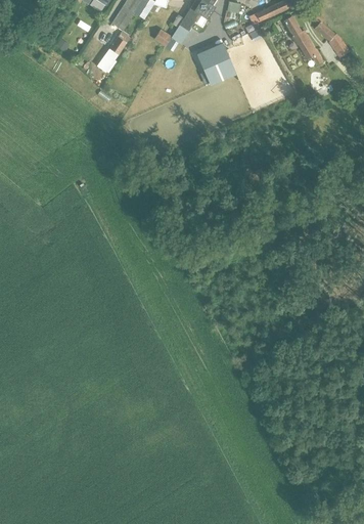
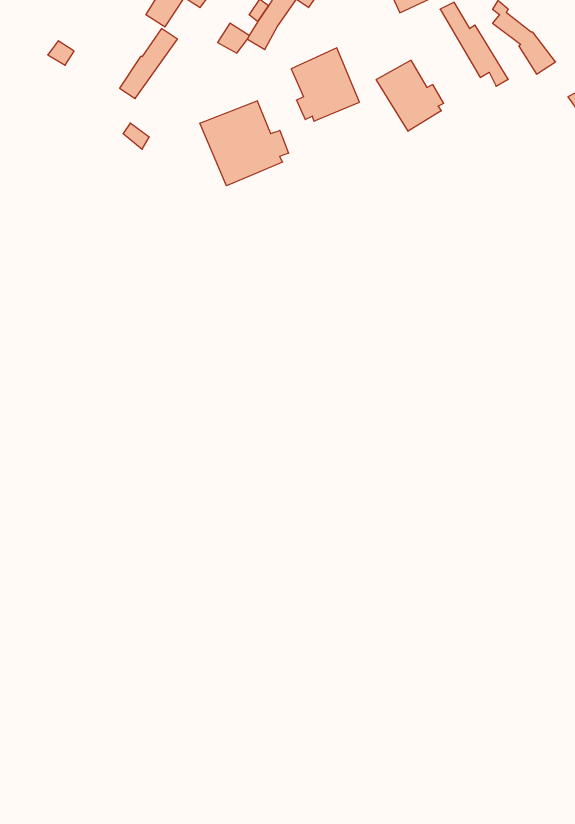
building: none -> [376,60,444,131]
building: none -> [200,101,289,186]

